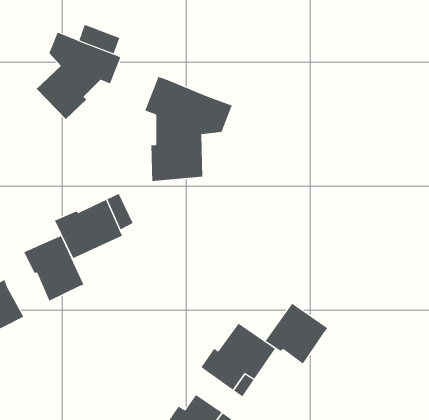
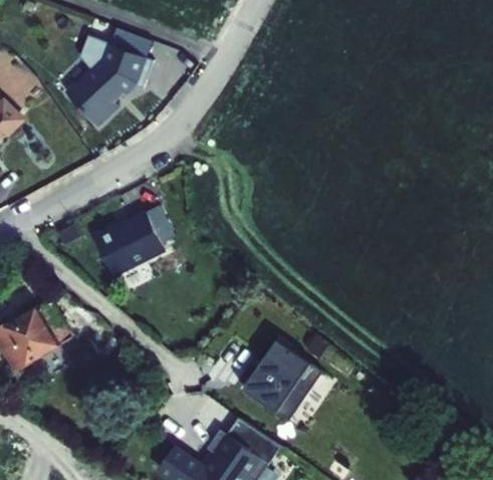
building: [144,76,232,182] -> none
building: [24,235,84,301] -> none
building: [265,303,328,364] -> none

